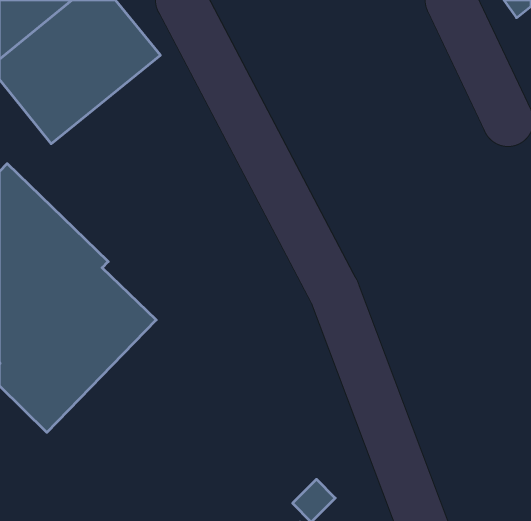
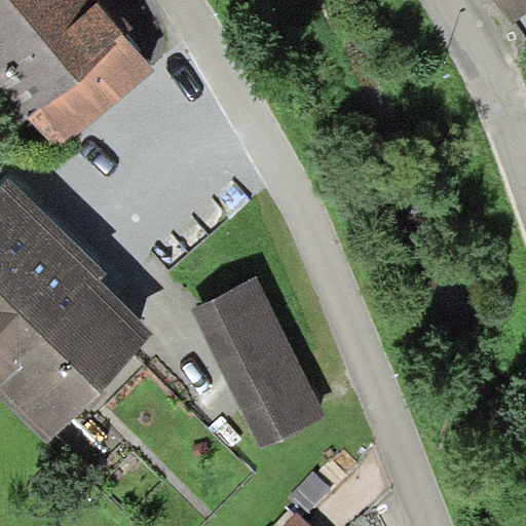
building: none -> [192,278,324,450]

